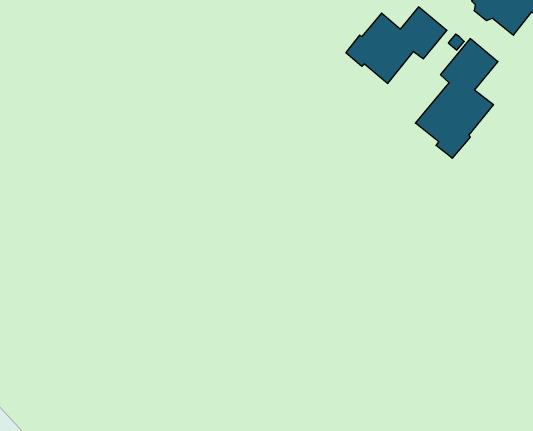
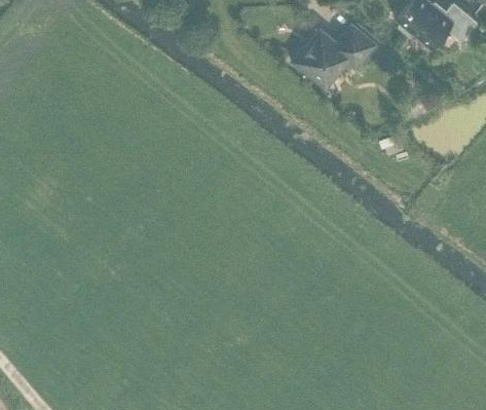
building: [415,39,498,158] -> none

